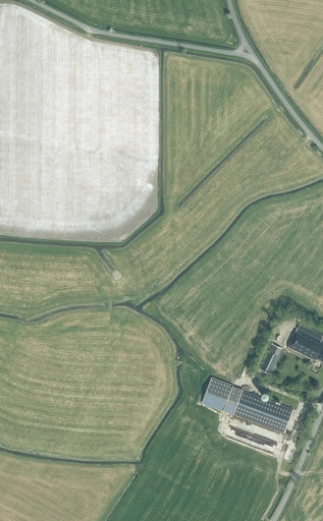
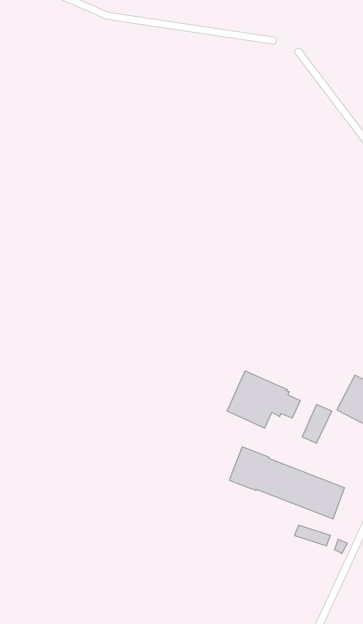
building: none -> [227,371,300,428]

